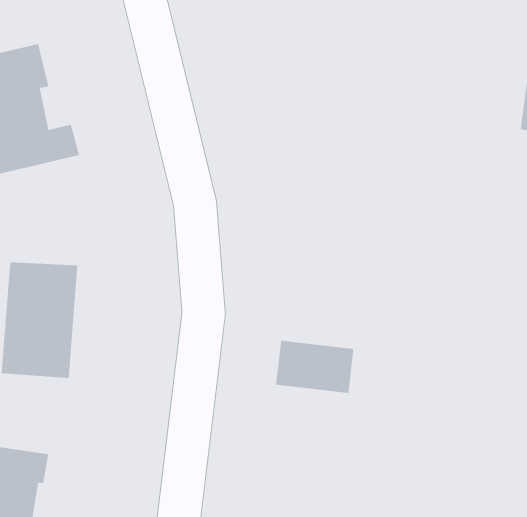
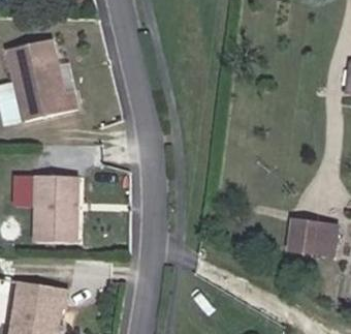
building: [275,340,354,394] -> [287,220,334,252]

